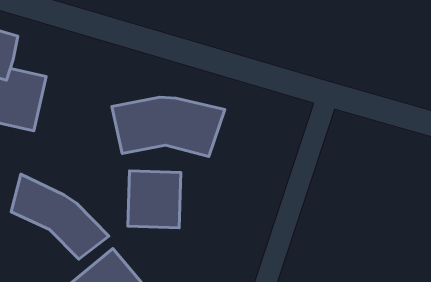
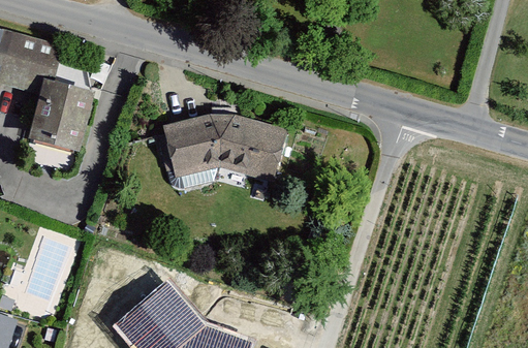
building: [128,171,181,228] -> none
building: [11,174,109,259] -> none

